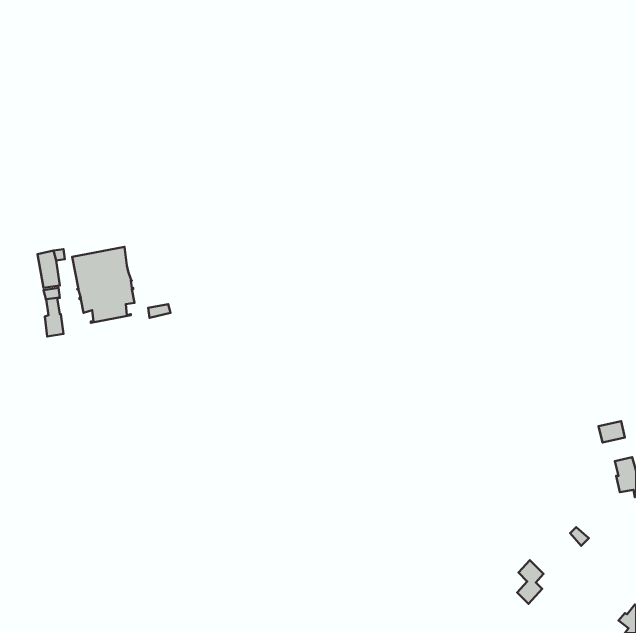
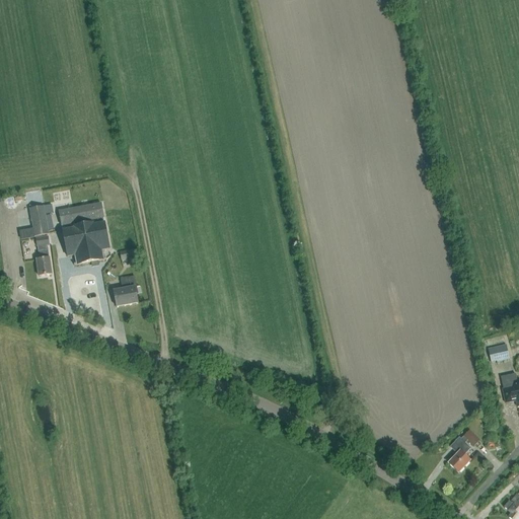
building: none -> [114,274,138,305]
building: [517,560,543,604] -> [449,435,470,470]

